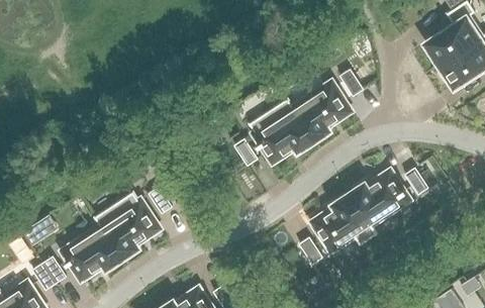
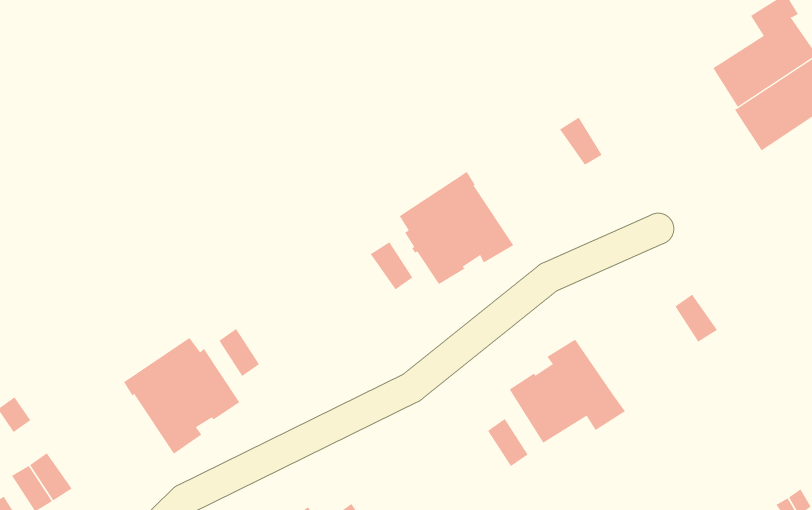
building: [292,82,352,141] -> none
building: [349,171,410,226] -> none
building: [61,225,123,282] -> none

